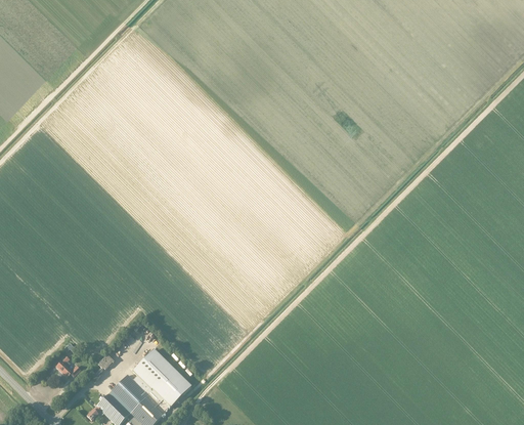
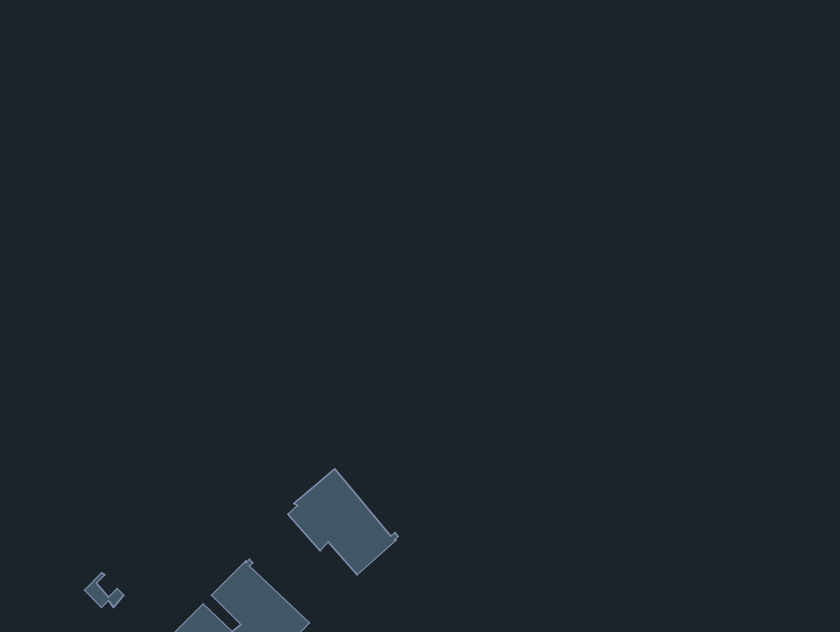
building: none -> [288,469,398,575]

